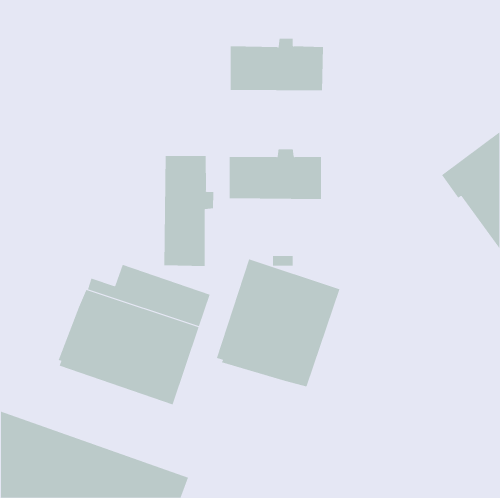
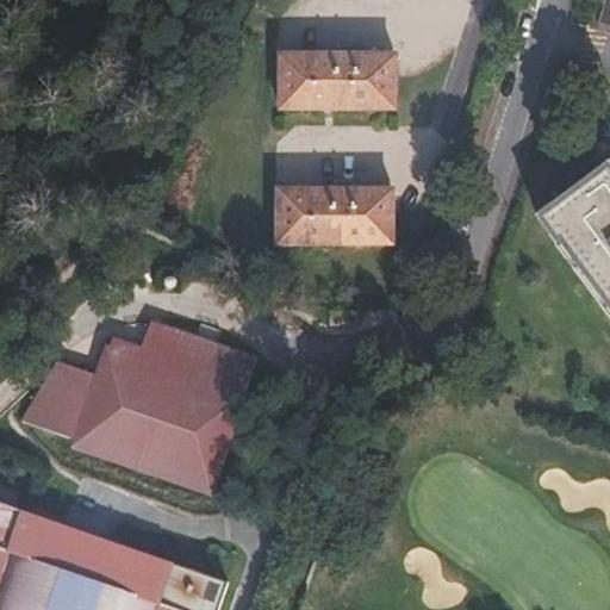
building: [164,155,214,267] -> none
building: [216,258,340,388] -> none
building: none -> [18,361,95,438]

